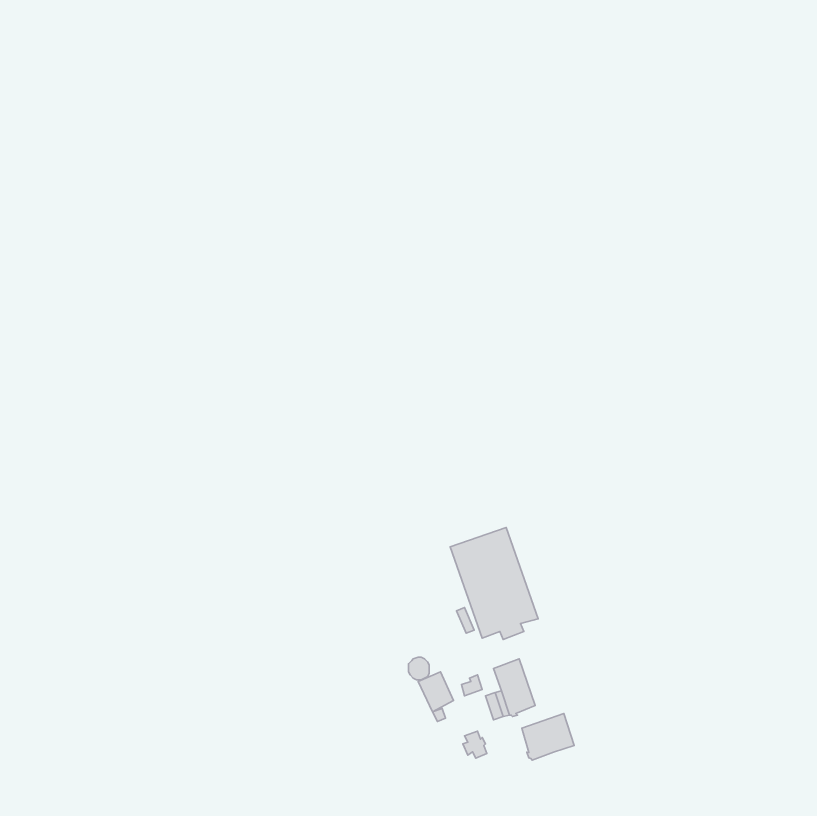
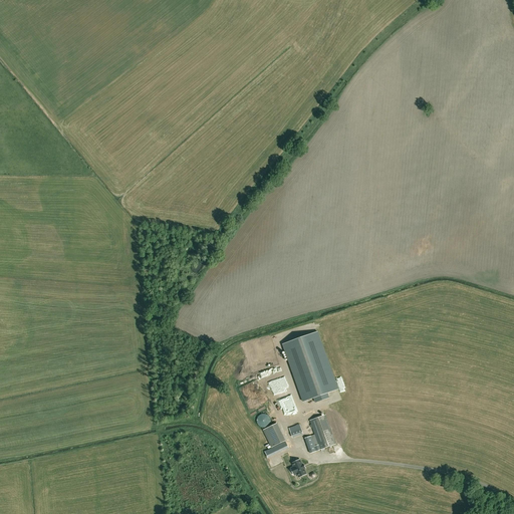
building: [522,714,574,760] -> none

